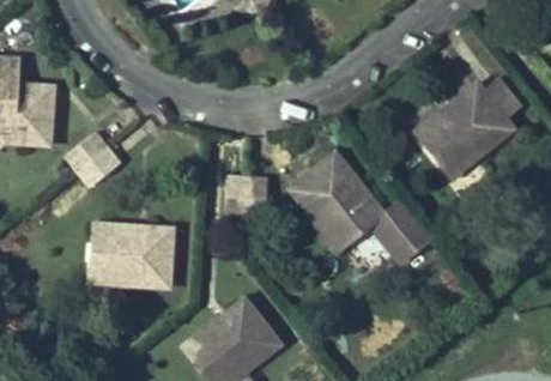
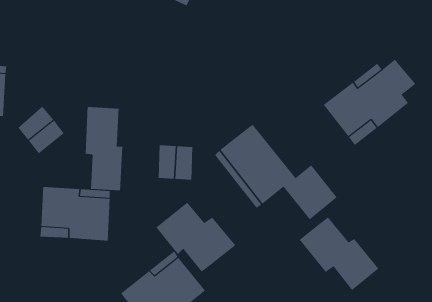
building: none -> [85,106,123,191]
building: none -> [156,202,236,273]
building: none -> [299,216,379,291]

